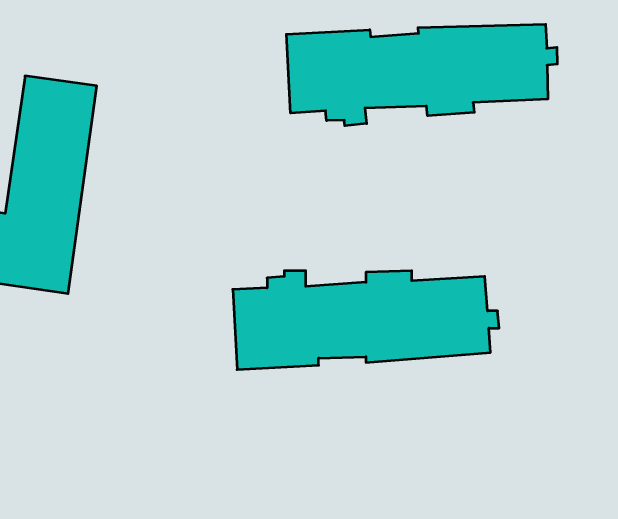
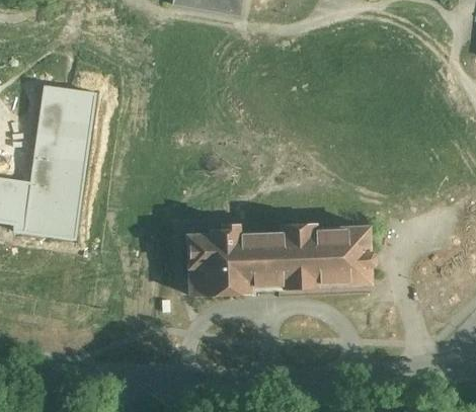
building: [286,24,557,126] -> none

